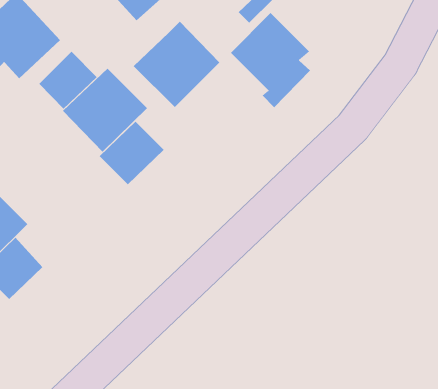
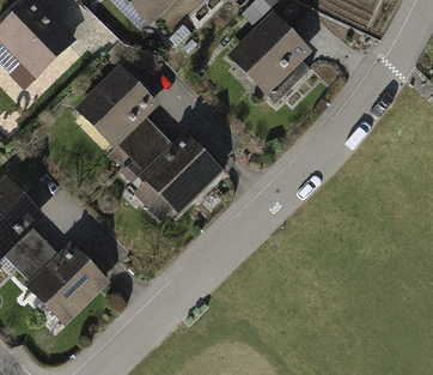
building: [133,21,220,108] -> [139,132,221,214]
building: [39,51,97,109] -> none
building: none -> [26,242,108,325]

